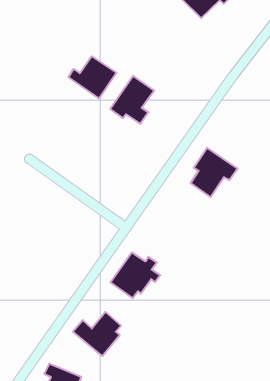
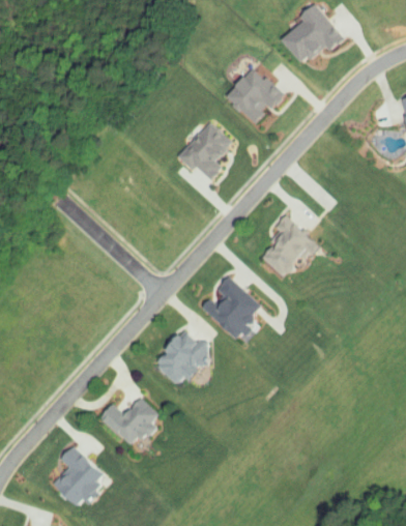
building: none -> [225,66,283,122]
building: [69,56,117,98] -> none
building: none -> [201,275,261,340]

